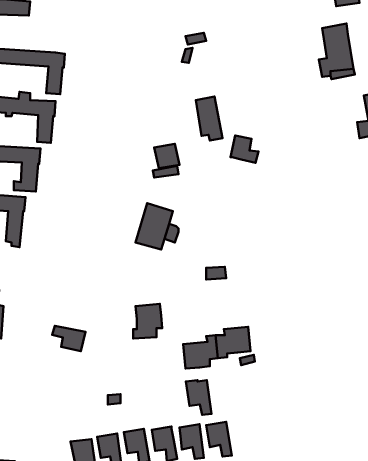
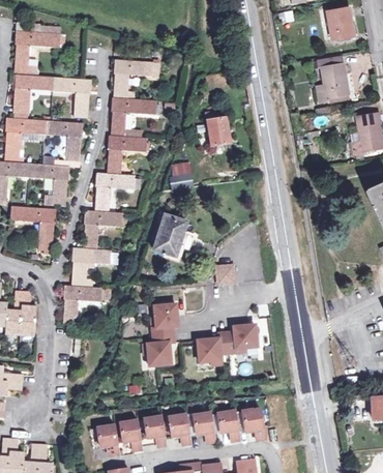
building: none -> [63,60,155,324]
building: [230,136,259,163] -> none
building: [52,326,85,351] -> none
building: none -> [146,334,173,365]
building: [186,380,211,415] -> [241,409,264,440]

